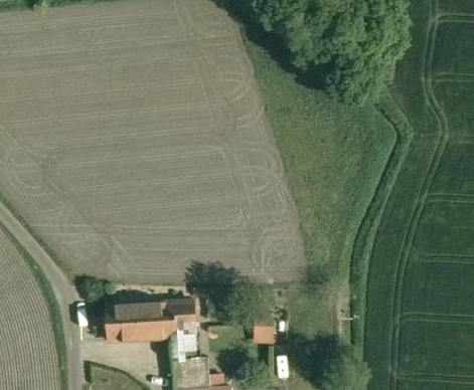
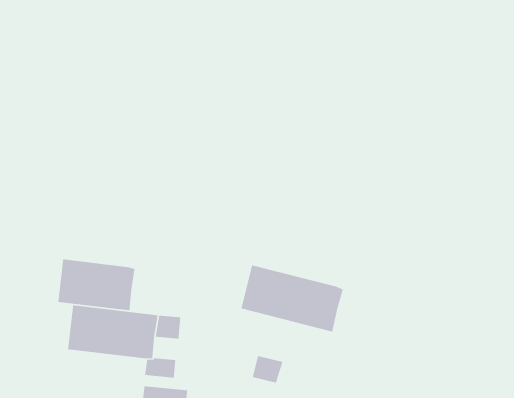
building: none -> [240,264,344,332]
building: none -> [57,259,135,311]

